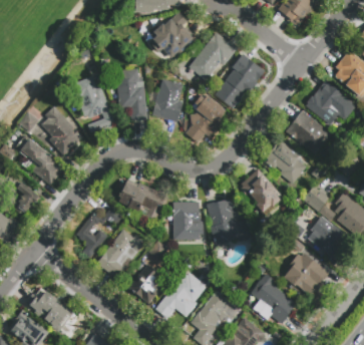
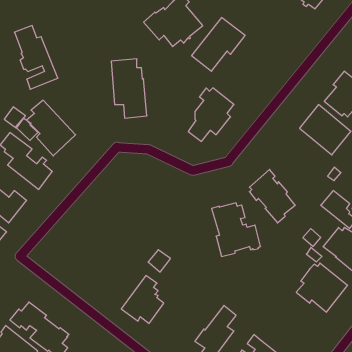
building: [215,56,262,107] -> none
building: [76,76,115,133] -> [14,26,58,89]
building: [151,78,184,133] -> none
building: [264,141,306,184] -> none
building: [117,180,167,224] -> none
building: [170,201,204,242] -> none
building: [75,206,122,257] -> none
building: [97,228,143,277] -> none
building: [153,271,202,319] -> none
building: [250,273,296,323] -> none

